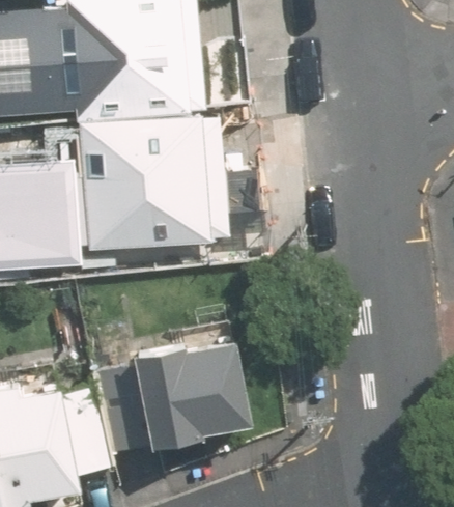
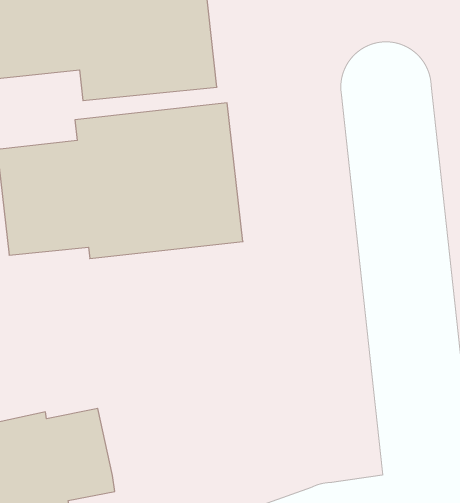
building: [97,340,255,456] -> none

